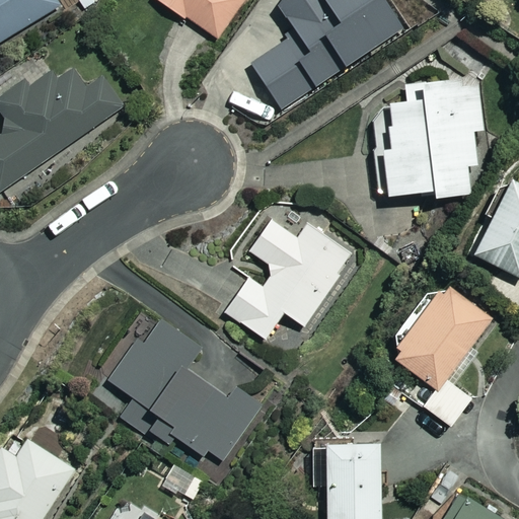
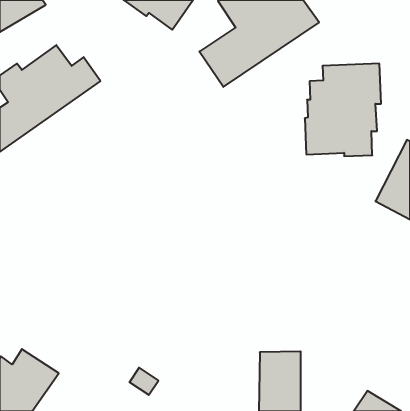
building: [225,219,353,339] -> none
building: [393,284,492,426] -> none
building: [108,319,257,465] -> none

